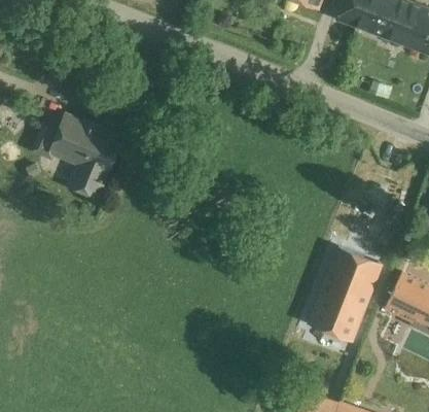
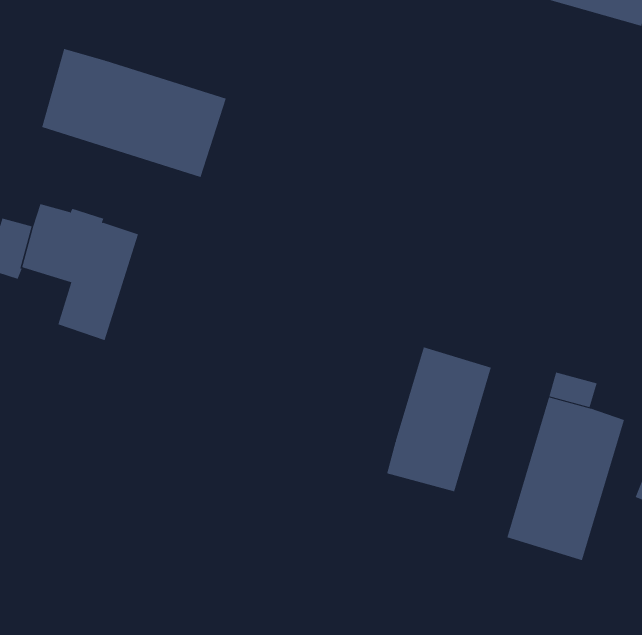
building: none -> [41,48,227,178]
building: none -> [387,347,492,492]

